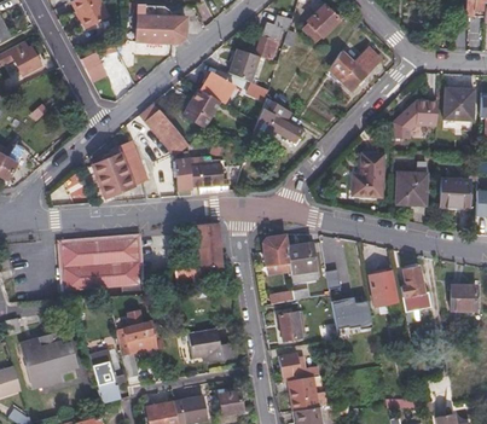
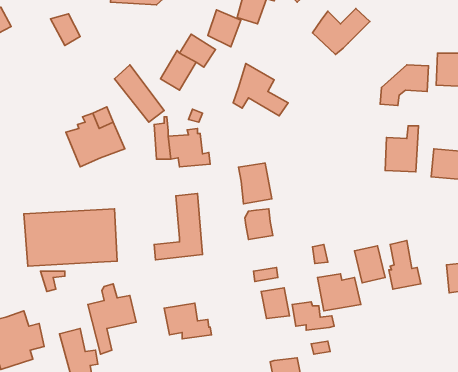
building: [352,155,382,197] -> none
building: [286,244,318,283] -> [239,163,272,204]
building: [277,353,317,379] -> [292,302,334,330]

